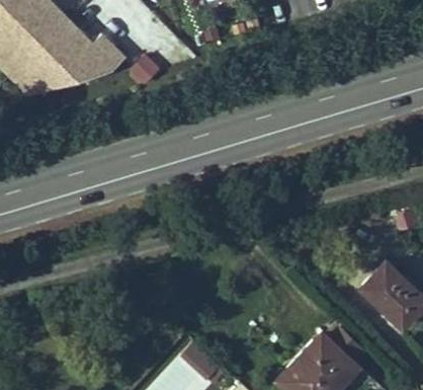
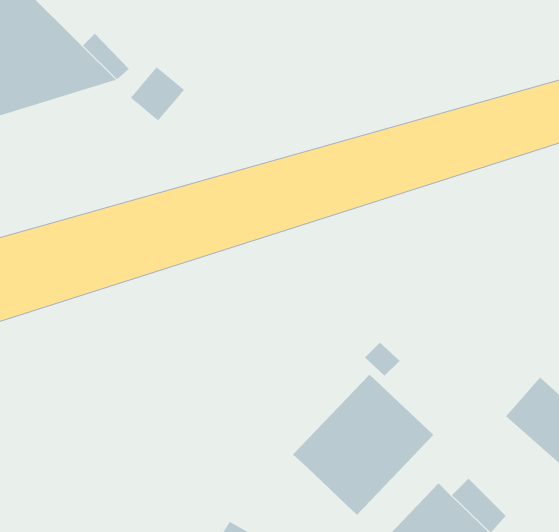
building: none -> [292,374,434,516]

